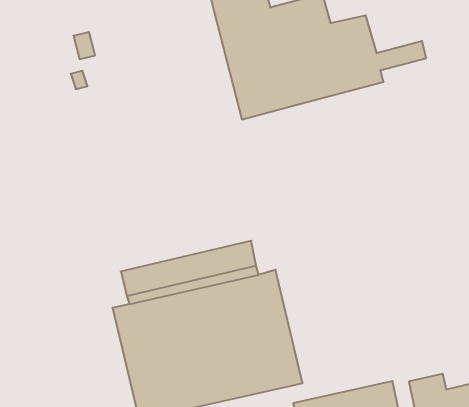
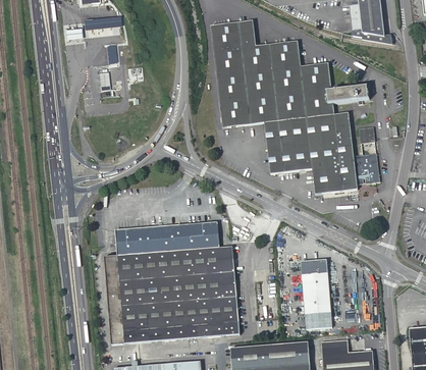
building: none -> [264,112,378,195]
building: none -> [300,259,331,328]

